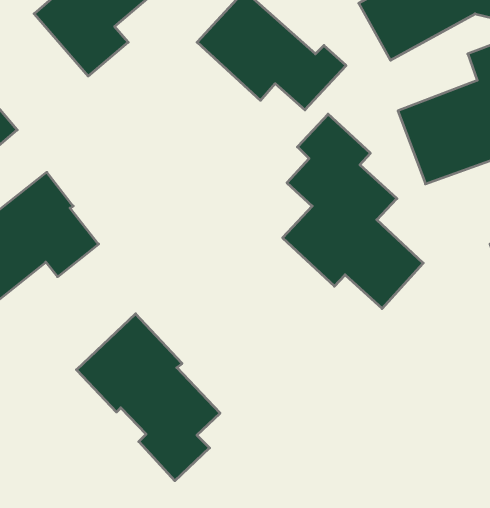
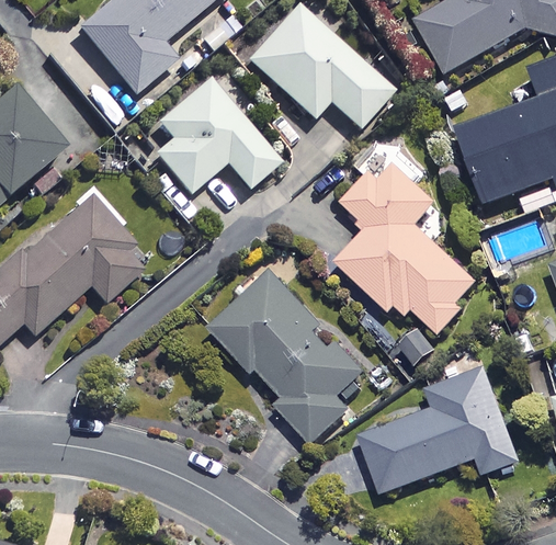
building: none -> [155,78,279,193]
building: [76,314,220,481] -> [209,271,359,444]
building: none -> [359,366,519,493]

